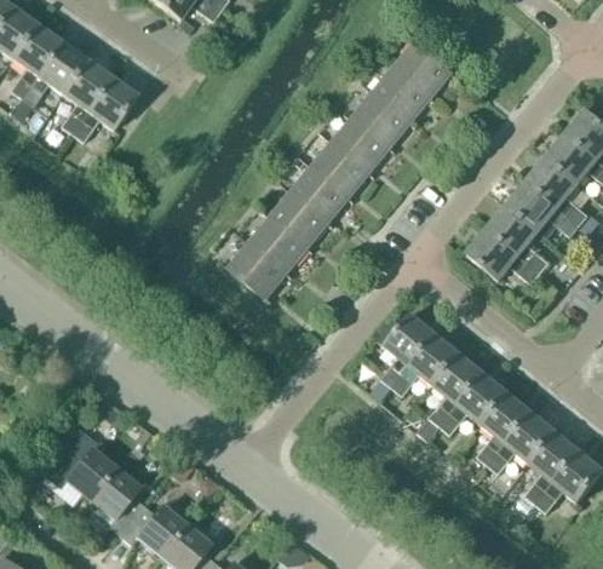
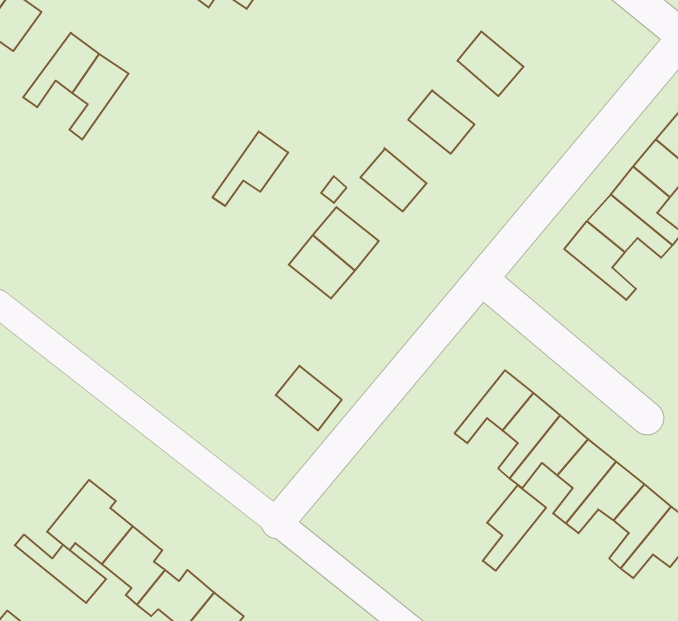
building: [10,24,62,98] -> none
building: [373,67,430,121] -> none
building: [71,77,137,142] -> [212,131,288,206]
building: [323,117,389,172] -> none
building: [291,167,348,222] -> none
building: [467,229,540,283] -> none
building: [229,242,286,298] -> [276,366,342,430]
building: [381,314,436,387] -> [483,485,546,571]
building: none -> [15,535,106,603]

